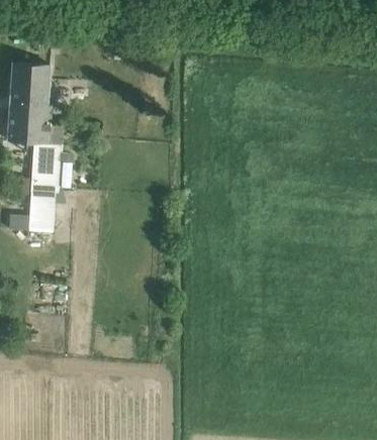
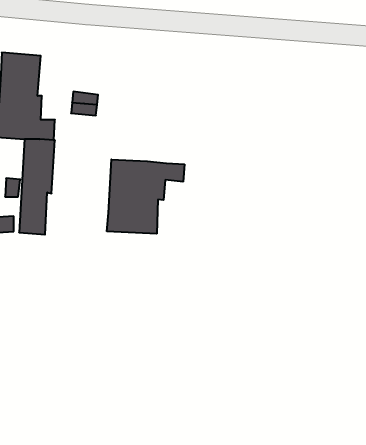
building: none -> [107,159,184,234]

